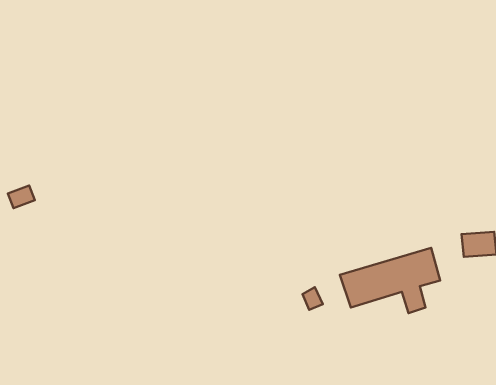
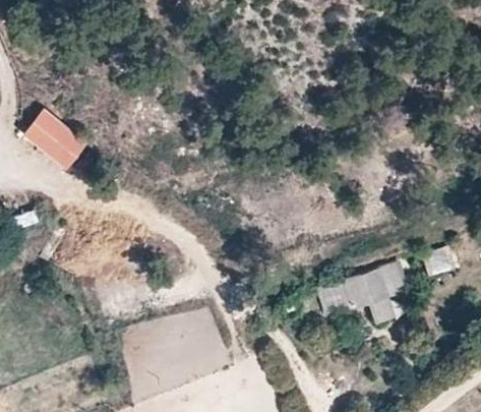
building: none -> [25,111,89,171]

